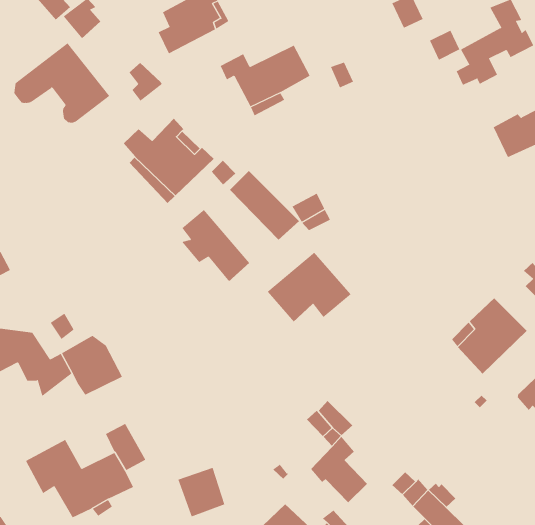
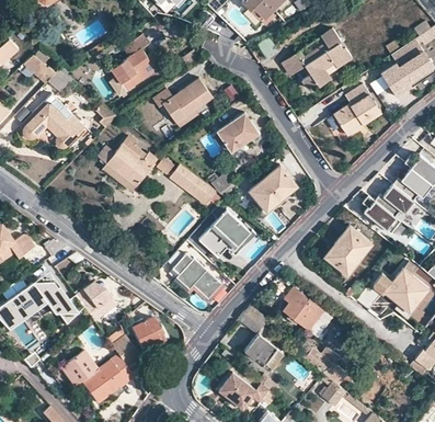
building: none -> [213,115,259,152]
building: none -> [250,166,297,210]
building: [181,209,250,282] -> [178,254,225,299]
building: none -> [283,286,333,340]
building: [177,467,225,517] -> [130,316,163,350]

